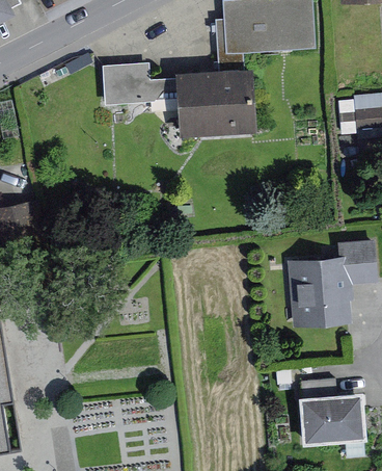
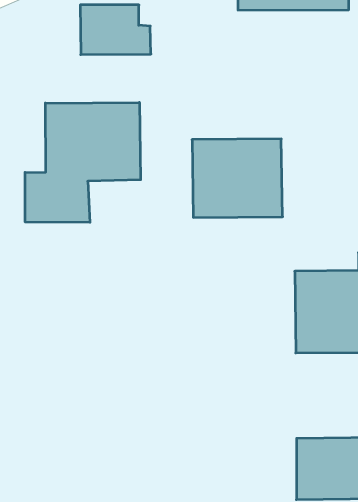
building: [172,67,250,135] -> [192,139,283,217]
building: none -> [25,102,141,222]

